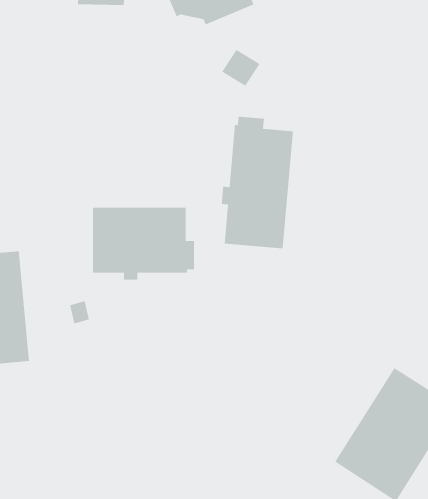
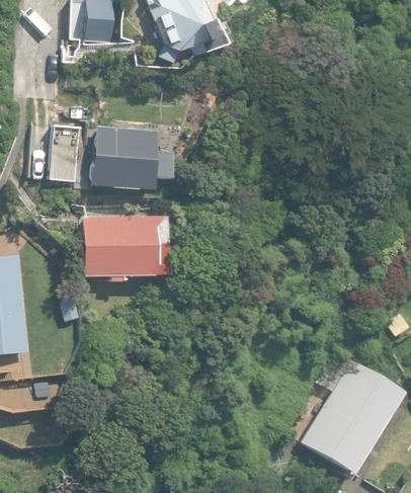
building: none -> [47,126,173,191]
building: [221,116,294,249] -> none

